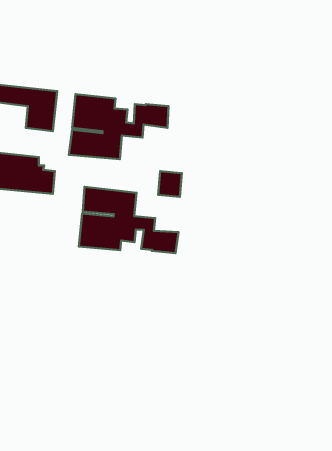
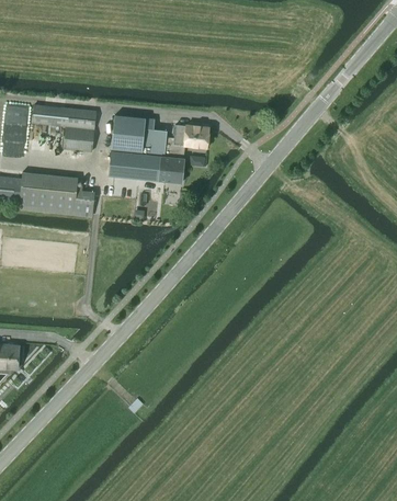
building: [158,171,182,197] -> [159,156,183,182]
building: [79,187,179,253] -> none

